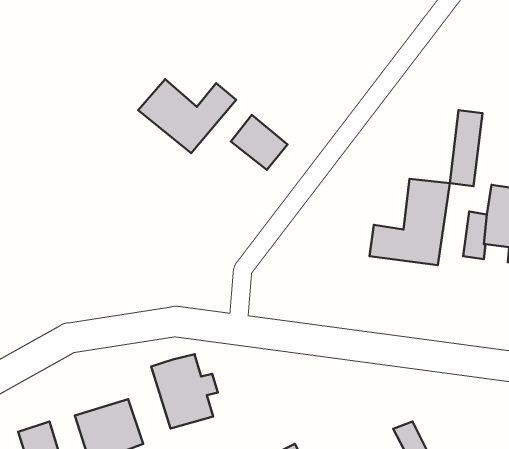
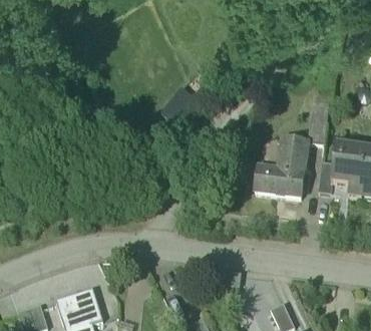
building: [138,79,236,153] -> none
building: [151,354,218,429] -> none

